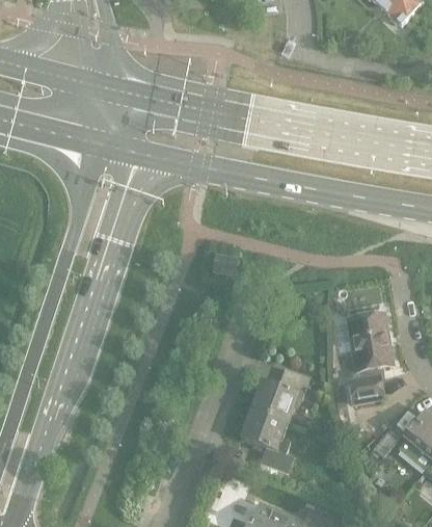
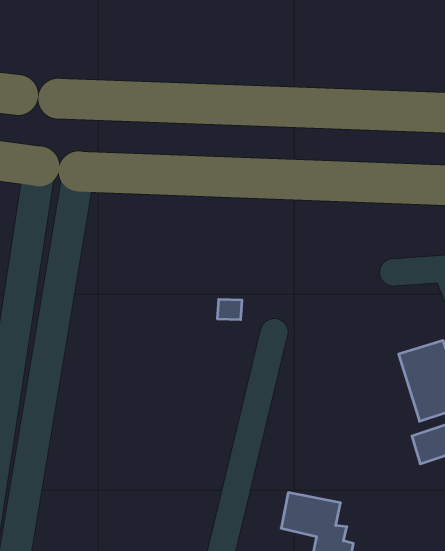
building: [248,367,309,423] -> none

